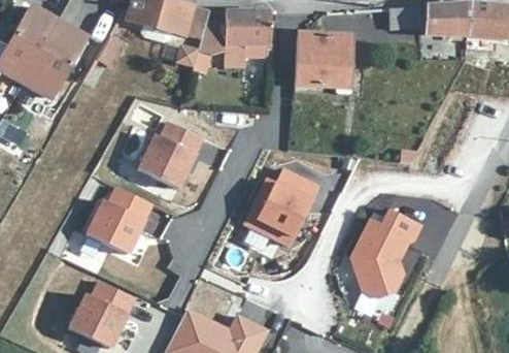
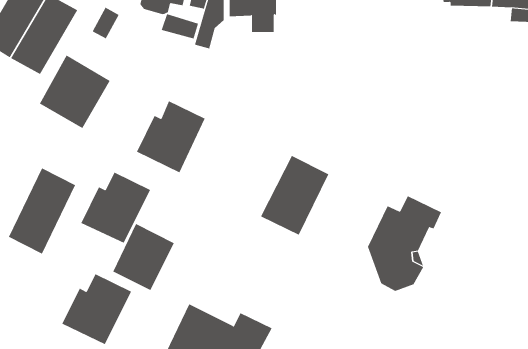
building: [296,33,348,86] -> none
building: none -> [39,55,111,129]
building: none -> [8,167,76,255]
building: none -> [112,223,175,291]

